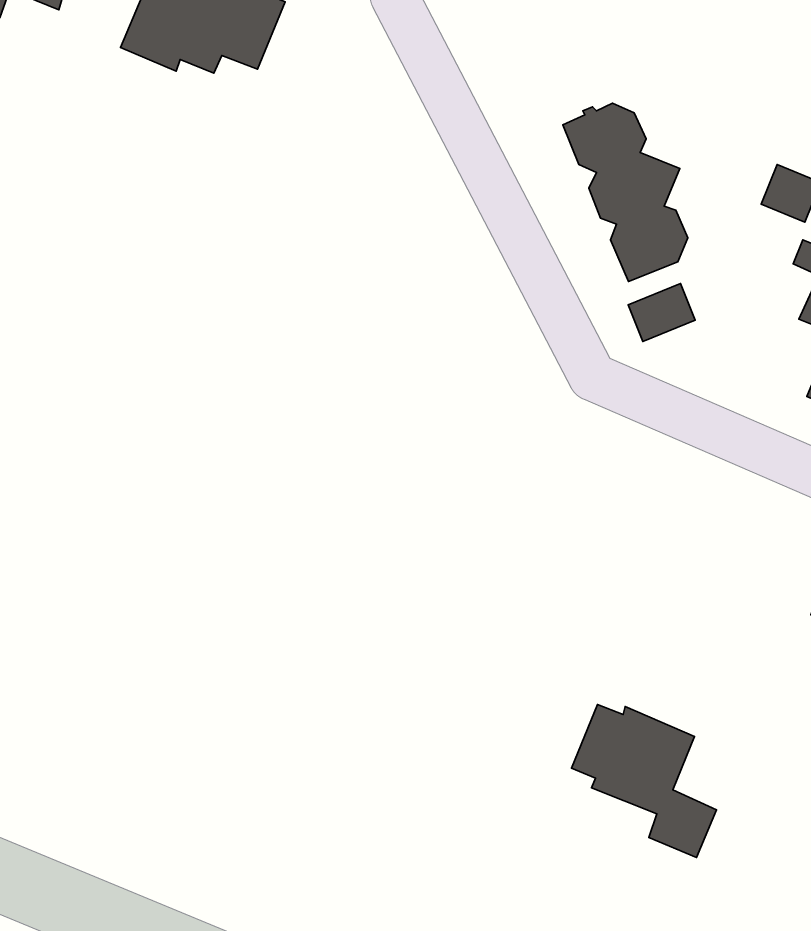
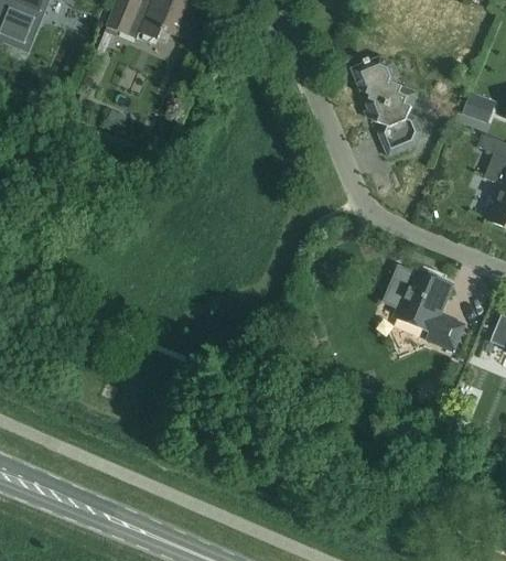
building: [628,284,695,341] -> none
building: [572,705,716,857] -> [384,267,464,352]

